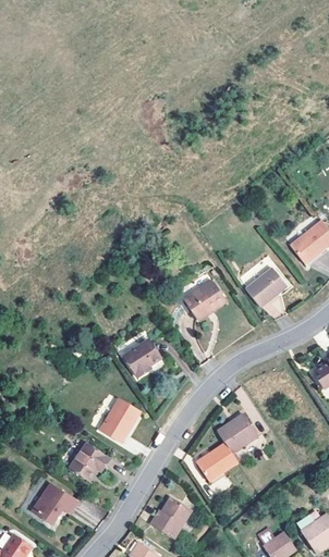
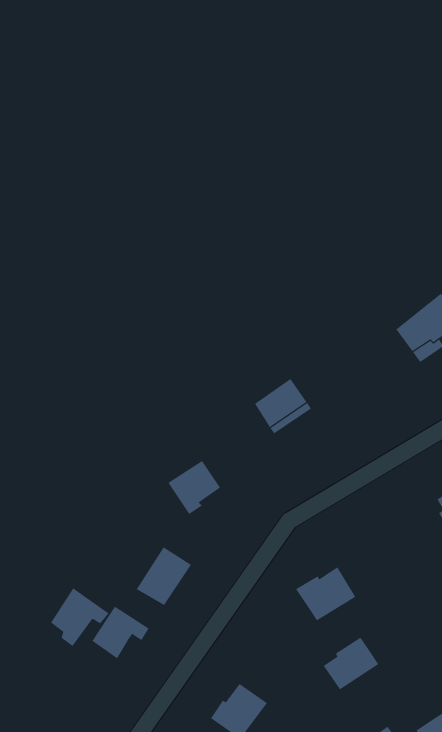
building: [246,269,288,308] -> none
building: [196,444,236,482] -> [323,637,379,690]
building: [36,483,78,525] -> [50,588,109,647]

